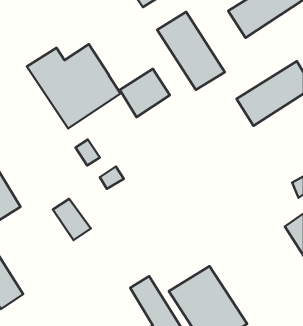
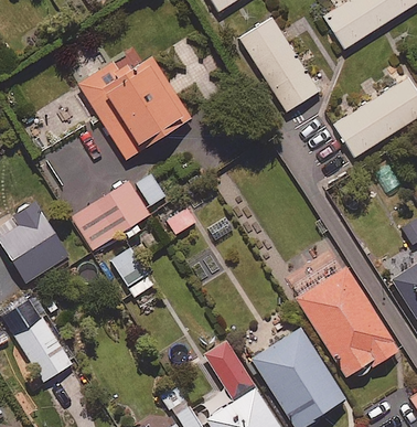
building: [120,69,170,117] -> none
building: none -> [73,180,150,249]
building: none -> [297,267,398,377]

